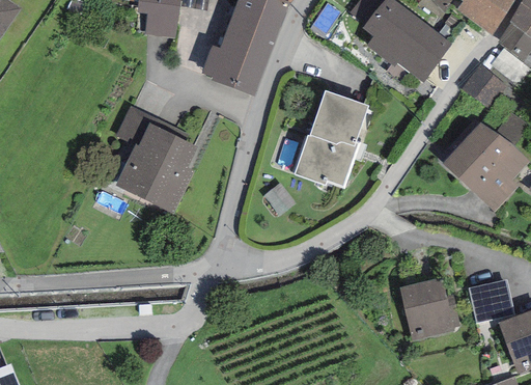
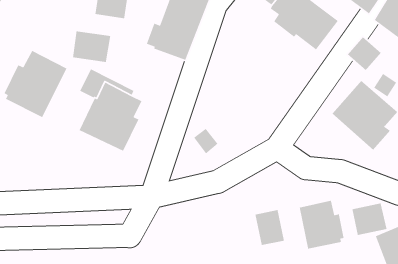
building: none -> [72,31,111,63]
building: none -> [3,50,67,118]
building: [292,90,368,188] -> none
building: none -> [254,209,285,246]

